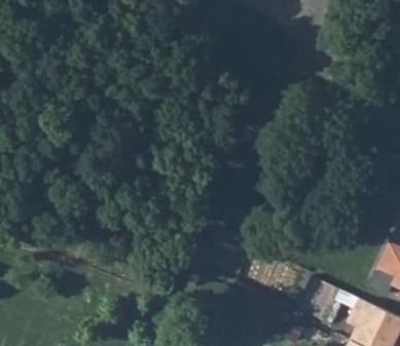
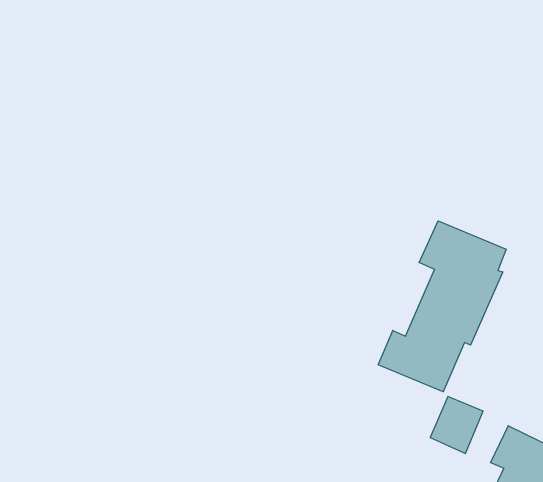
building: none -> [378,221,506,392]

